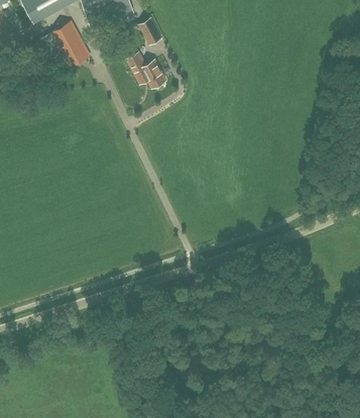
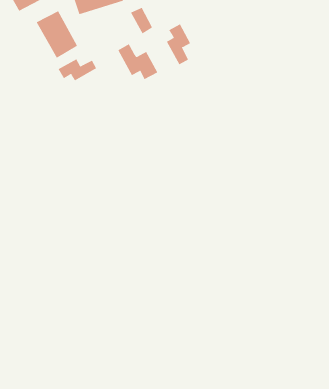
building: none -> [166,24,191,65]
building: none -> [58,58,97,81]

